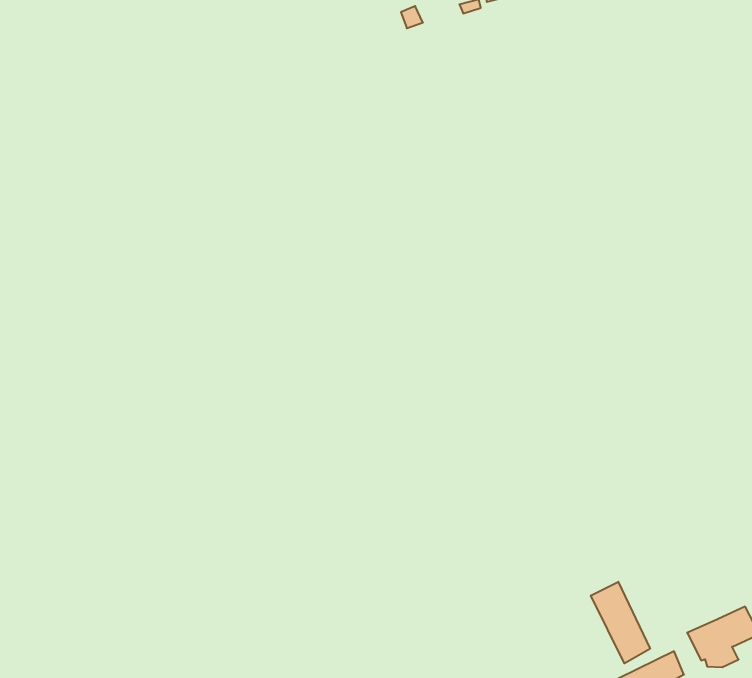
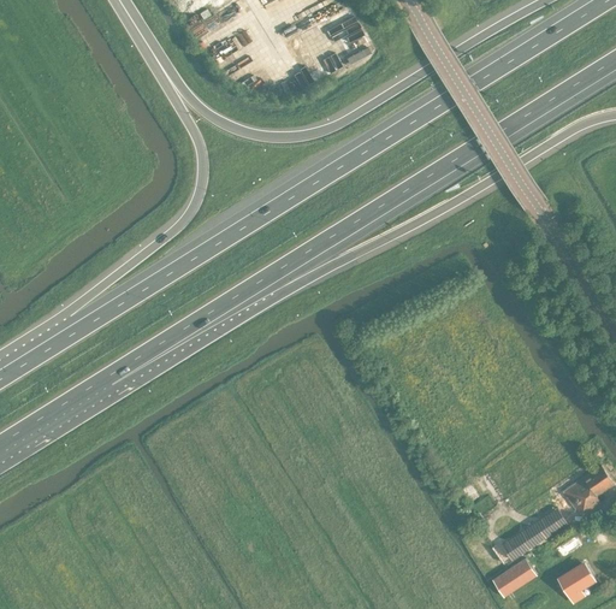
building: [591,582,650,663] -> none

